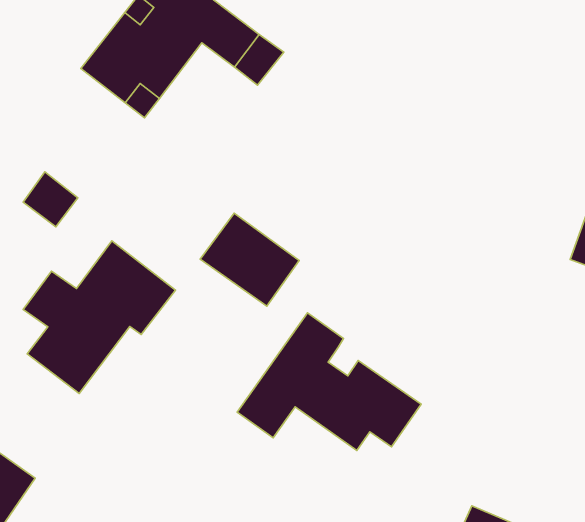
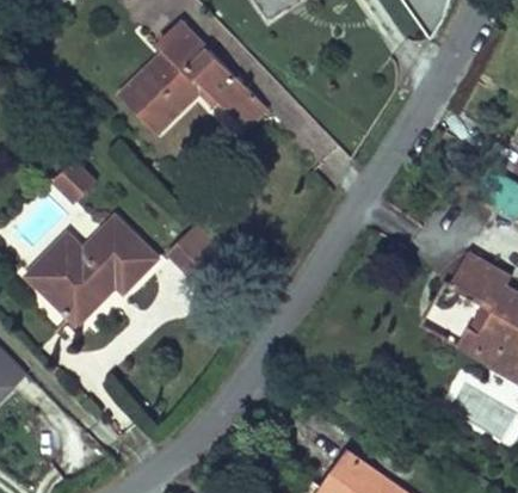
building: [237,313,421,451] -> none

